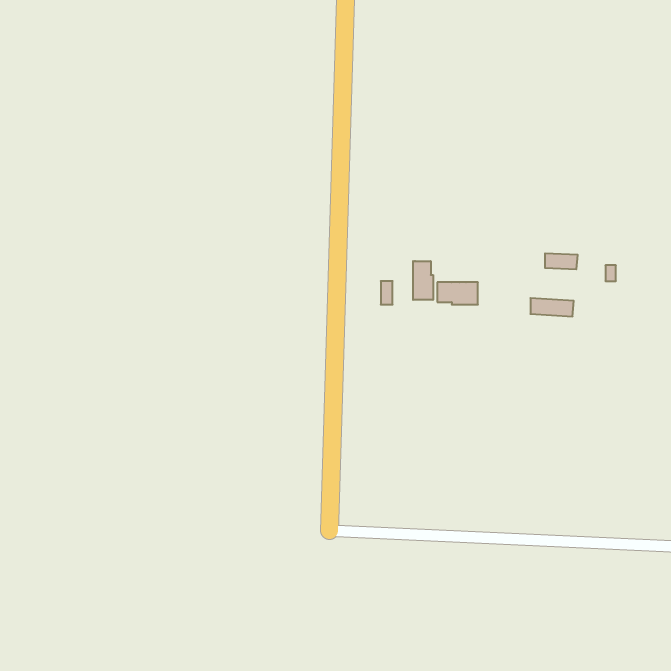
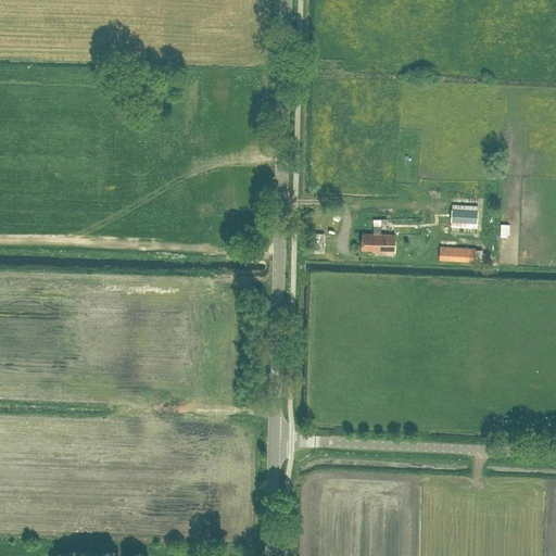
building: [413,261,433,300] -> none

